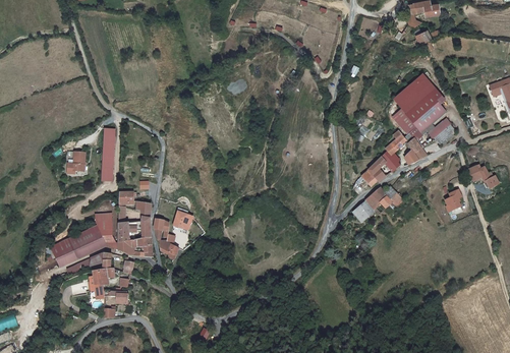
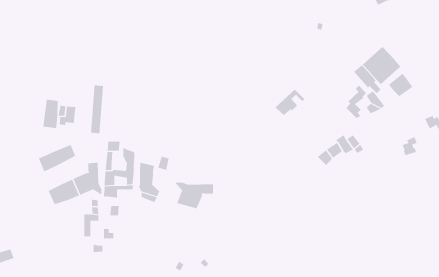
building: [393,74,443,109] -> none
building: none -> [43,99,58,129]
building: [360,157,394,186] -> [275,89,305,116]
building: none -> [38,144,76,172]
building: none -> [174,182,213,209]

